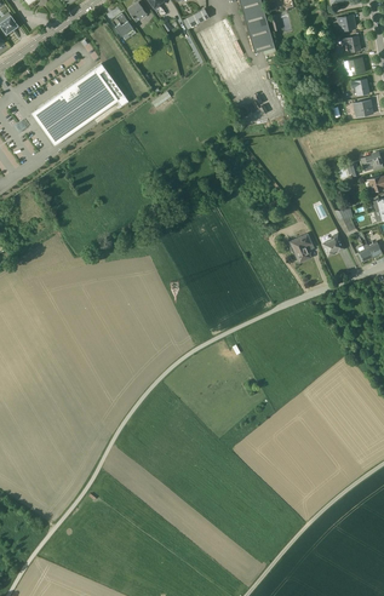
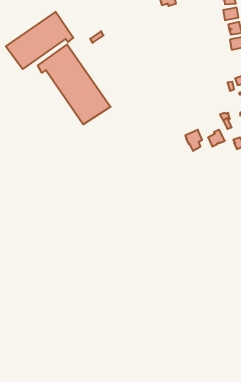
building: none -> [38,44,111,124]

